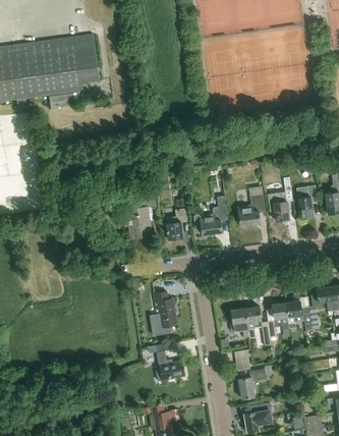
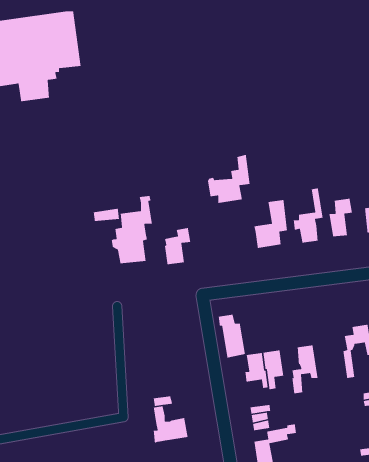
building: [193,195,228,234] -> [207,154,250,204]
building: [154,291,176,327] -> [218,314,246,358]
building: [285,301,312,330] -> none

